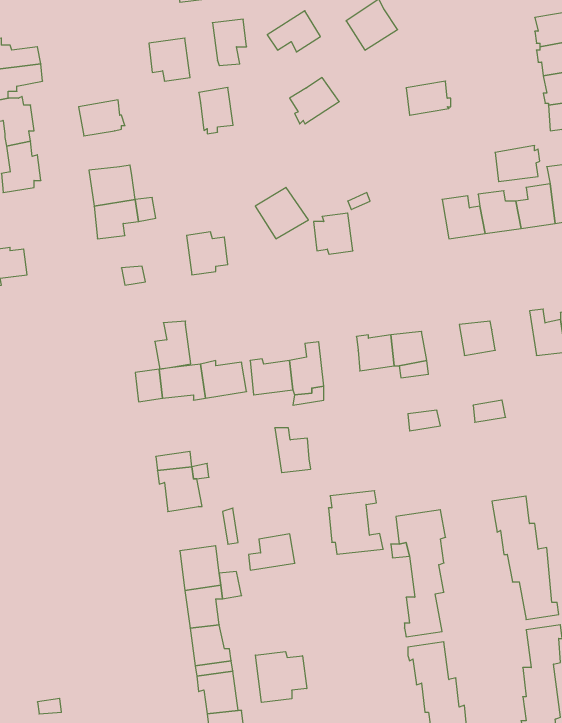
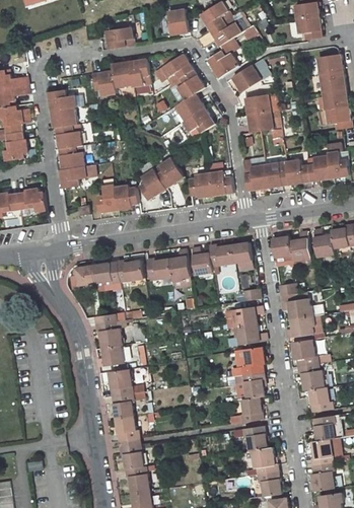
building: none -> [229,65,260,92]
building: none -> [176,68,203,98]
building: none -> [46,87,74,110]
building: [199,87,233,134] -> [111,60,131,87]
building: none -> [181,106,213,132]
building: none -> [52,124,79,147]
building: [495,146,540,182] -> [244,111,271,132]
building: none -> [242,164,268,191]
building: none -> [139,168,165,199]
building: none -> [208,170,233,195]
building: none -> [16,189,45,211]
building: none -> [293,231,312,261]
building: [155,321,191,369] -> [94,184,116,212]
building: [275,428,311,473] -> [195,247,216,274]
building: none -> [284,300,315,339]
building: [328,491,383,554] -> [235,307,268,345]
building: [249,534,295,570] -> [95,346,123,367]
building: [255,652,307,702] -> none

